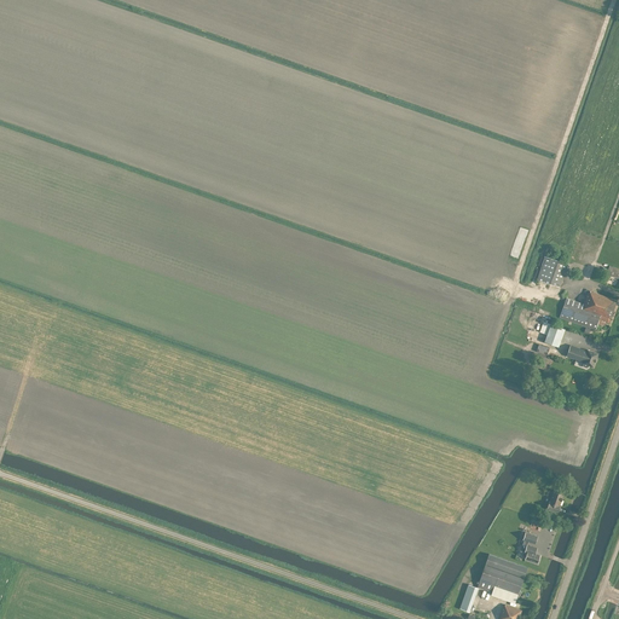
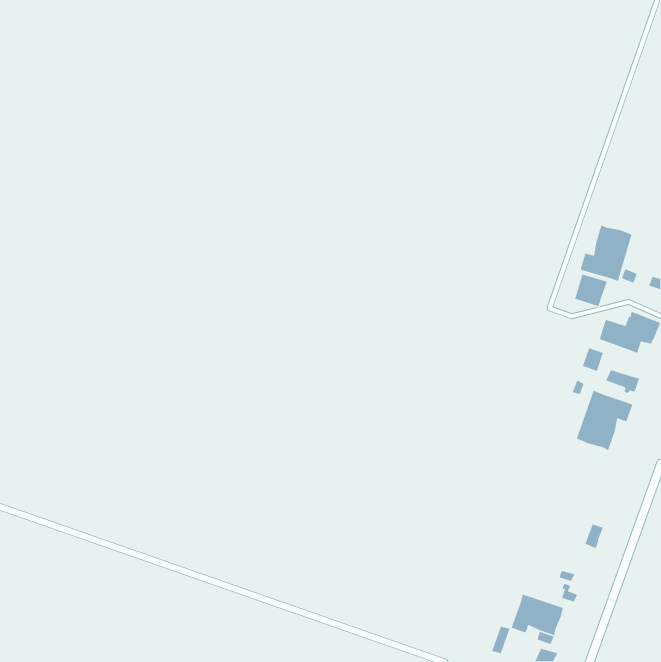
building: none -> [579,224,632,282]
building: none -> [576,389,634,451]

